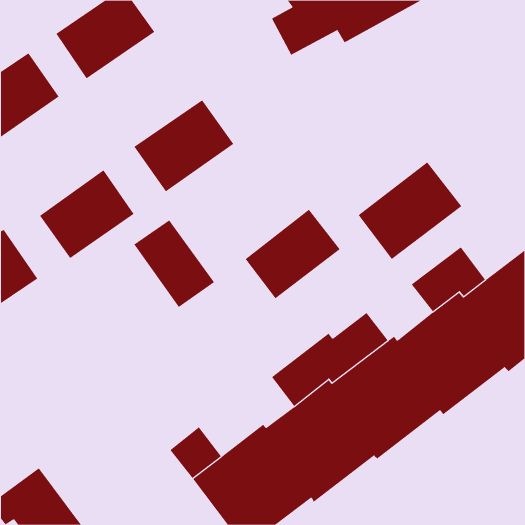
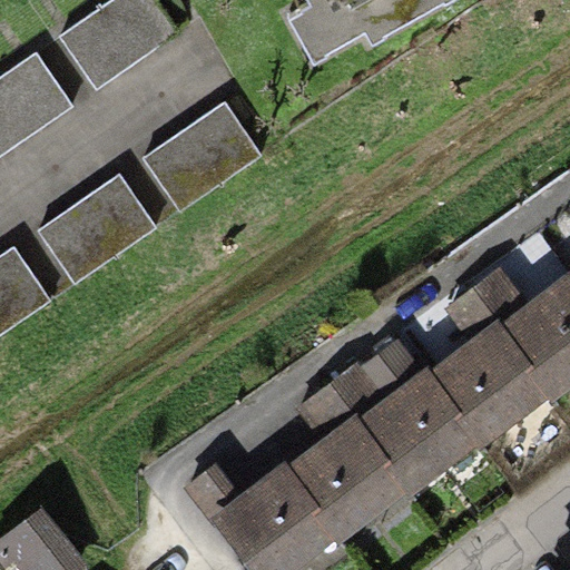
building: [358,161,462,260] -> none
building: [245,209,340,299] -> none
building: [134,220,215,308] -> none

